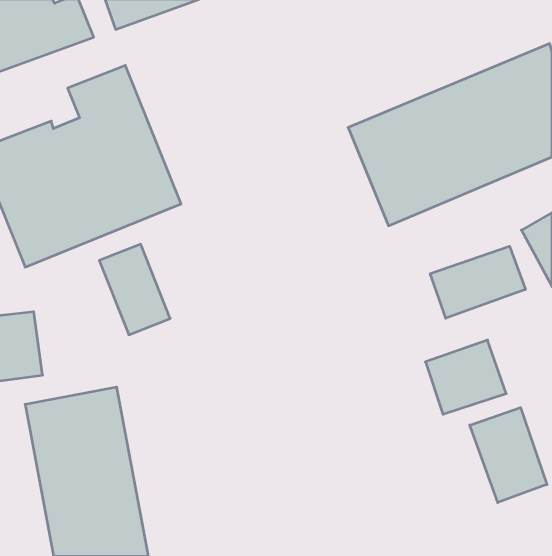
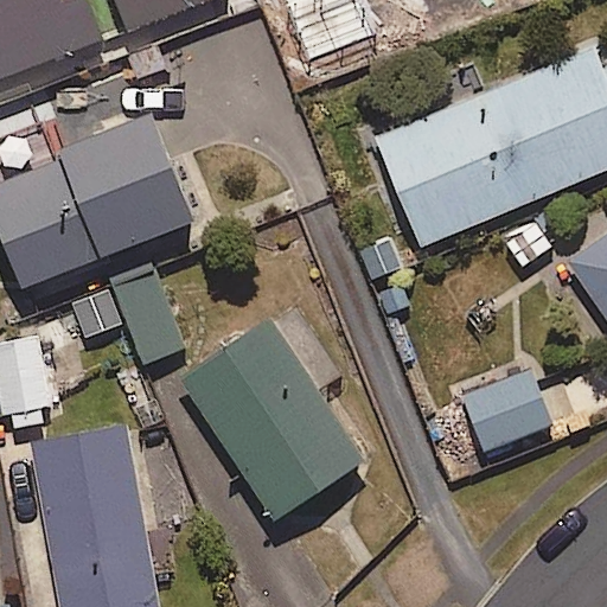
building: [430,246,525,318] -> none
building: none -> [179,321,364,522]
building: [470,408,547,503] -> none

